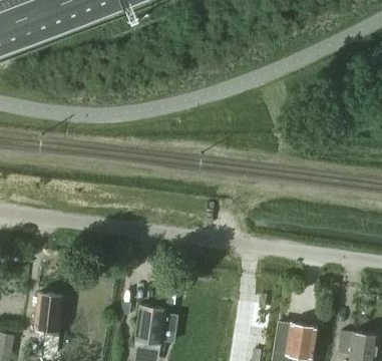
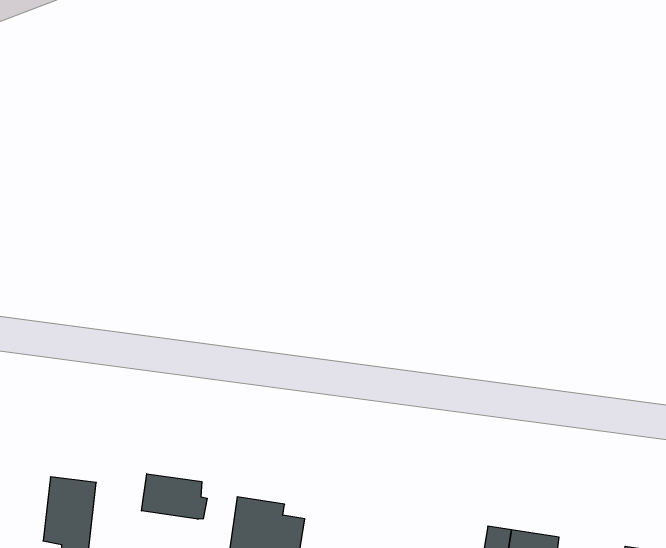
building: none -> [142,474,207,519]

